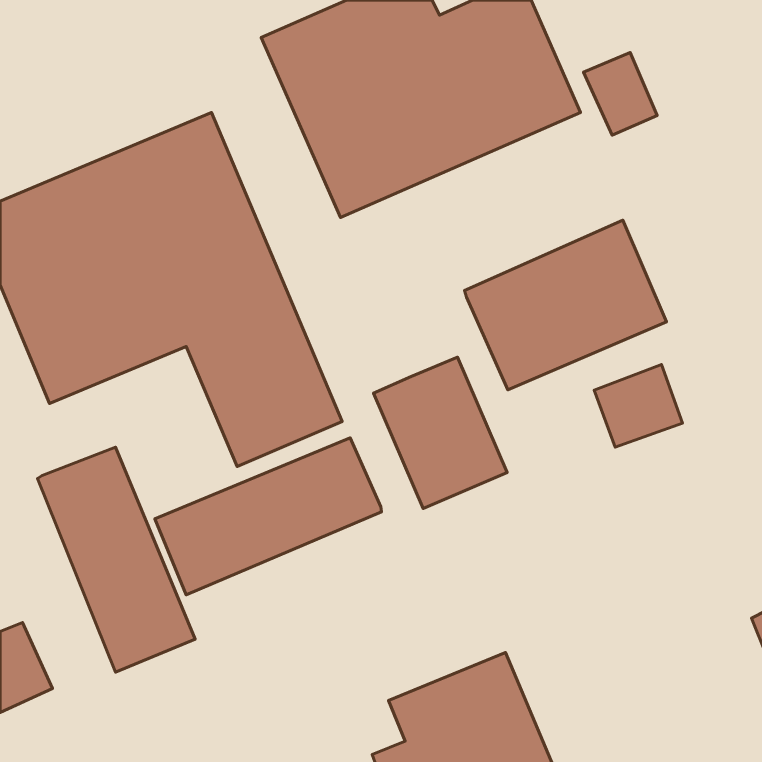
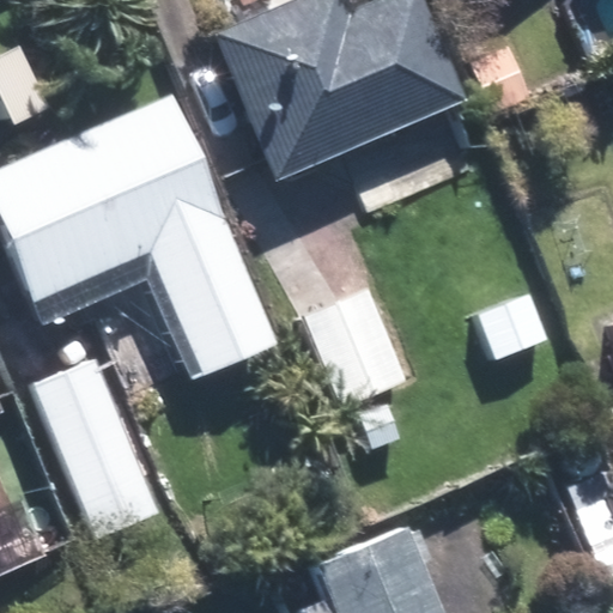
building: [465,220,667,390] -> none
building: [155,438,382,595] -> none

